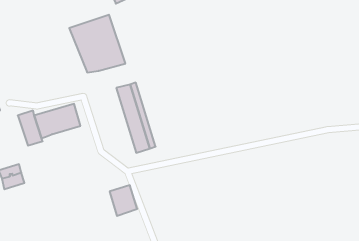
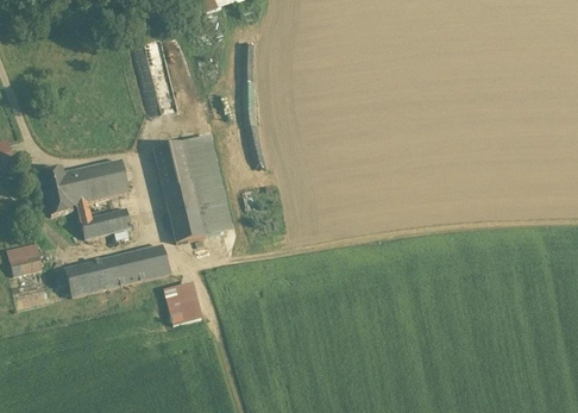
building: none -> [153,140,206,243]
building: none -> [77,201,131,238]
building: none -> [64,245,169,296]

